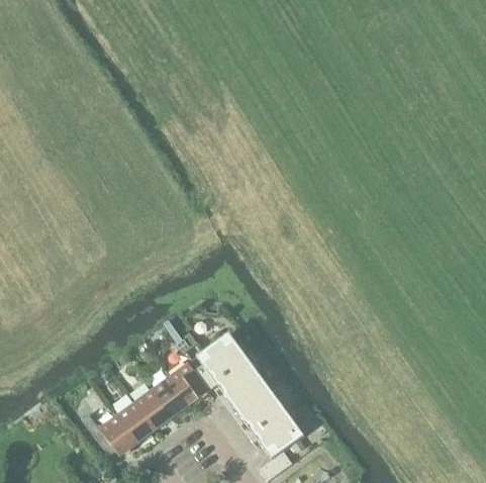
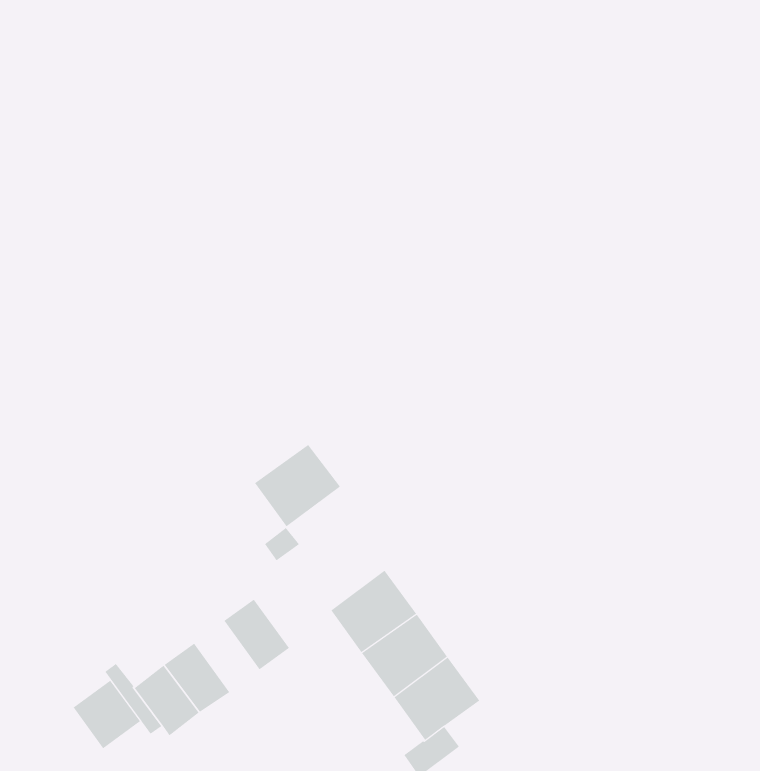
building: [196,332,248,382] -> [254,444,341,527]
building: [170,363,209,404] -> none
building: [134,388,173,430] -> none
building: none -> [73,680,141,749]

